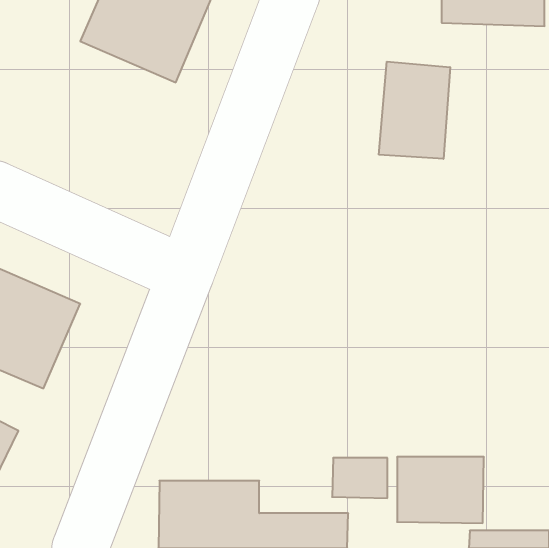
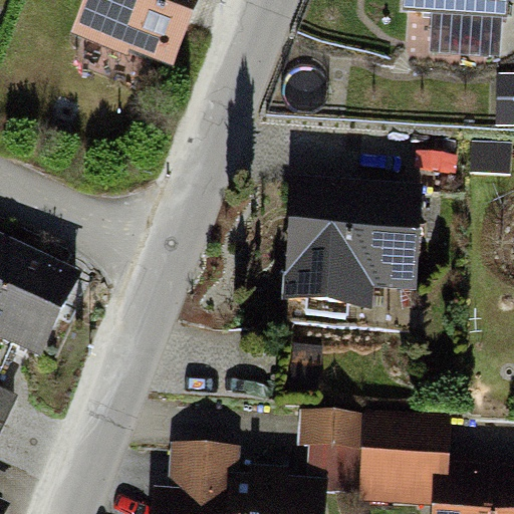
building: [379,62,450,159] -> none
building: none -> [282,193,420,310]

